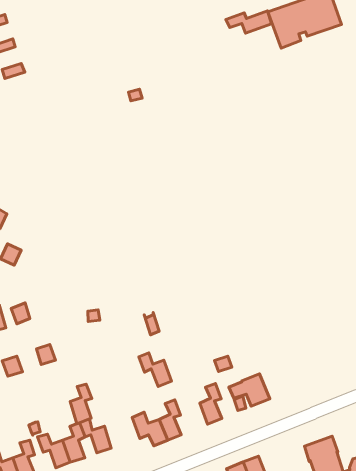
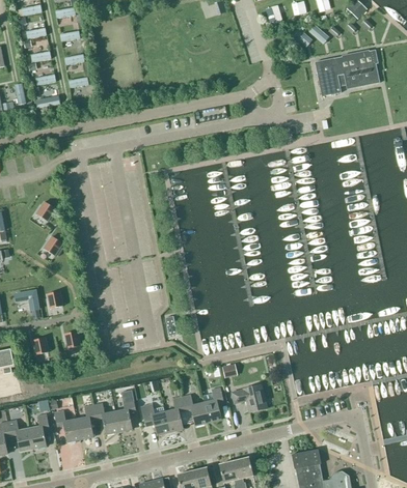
building: [226,11,272,33] -> none
building: [139,353,171,386] -> [182,395,208,426]
building: [70,384,92,424] -> [115,398,135,432]

